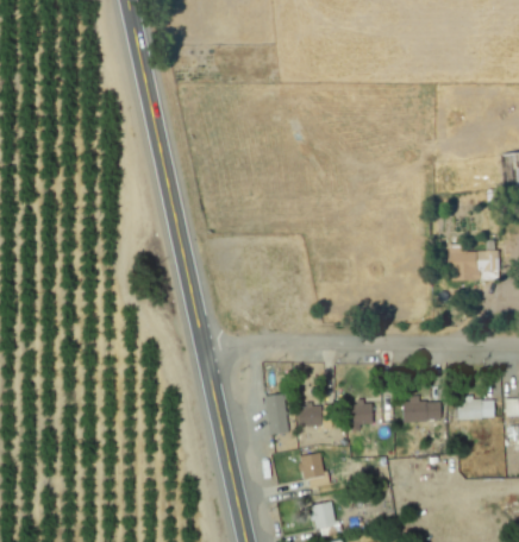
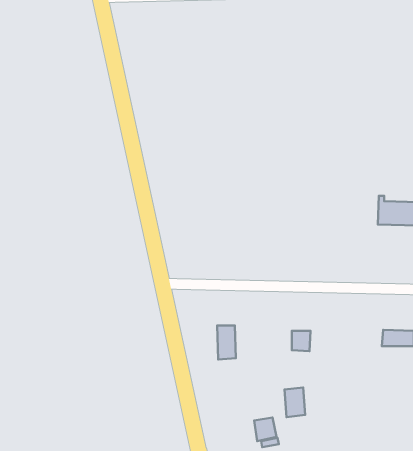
building: [298,401,324,427] -> none
building: [402,401,440,422] -> none
building: [300,453,324,487] -> [285,387,305,417]

